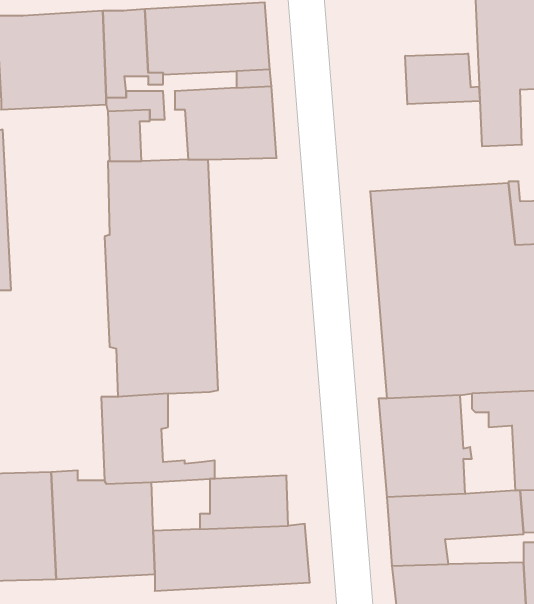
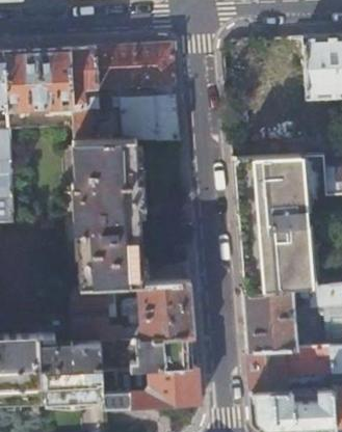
building: [405,53,480,104] -> none
building: none -> [123,281,195,339]

